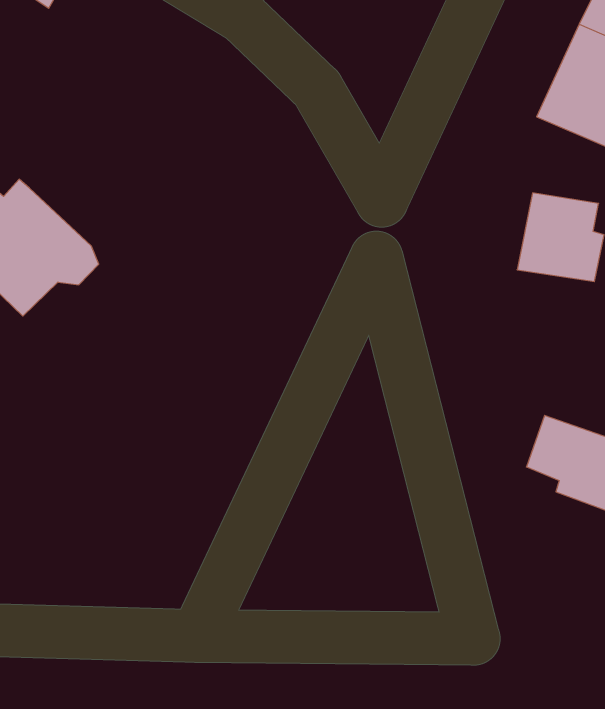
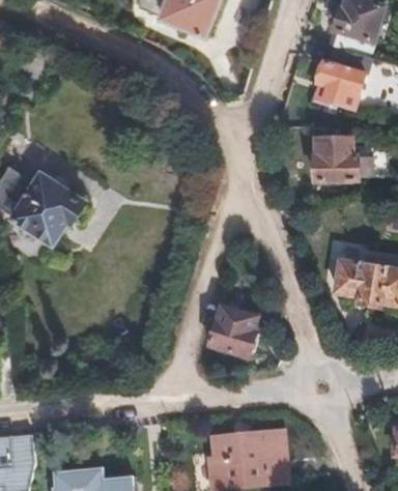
building: none -> [208,304,258,357]

